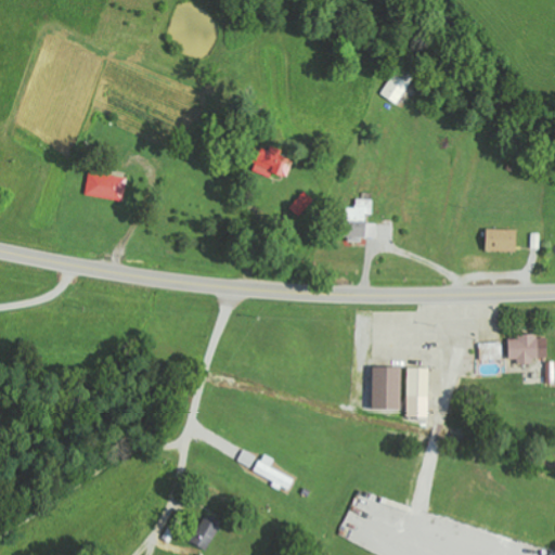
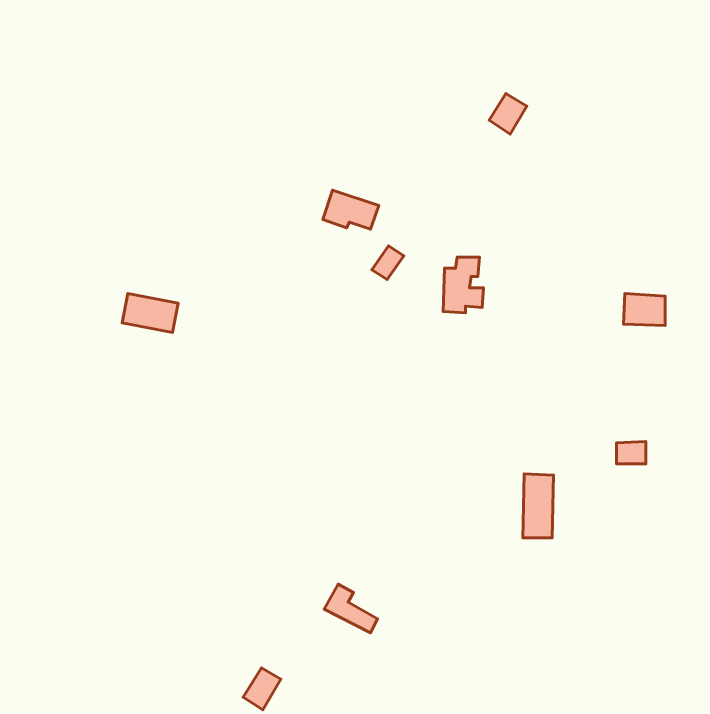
building: [83,171,127,202] -> [122,294,178,333]
building: [507,336,546,363] -> none
building: [371,366,401,410] -> none

